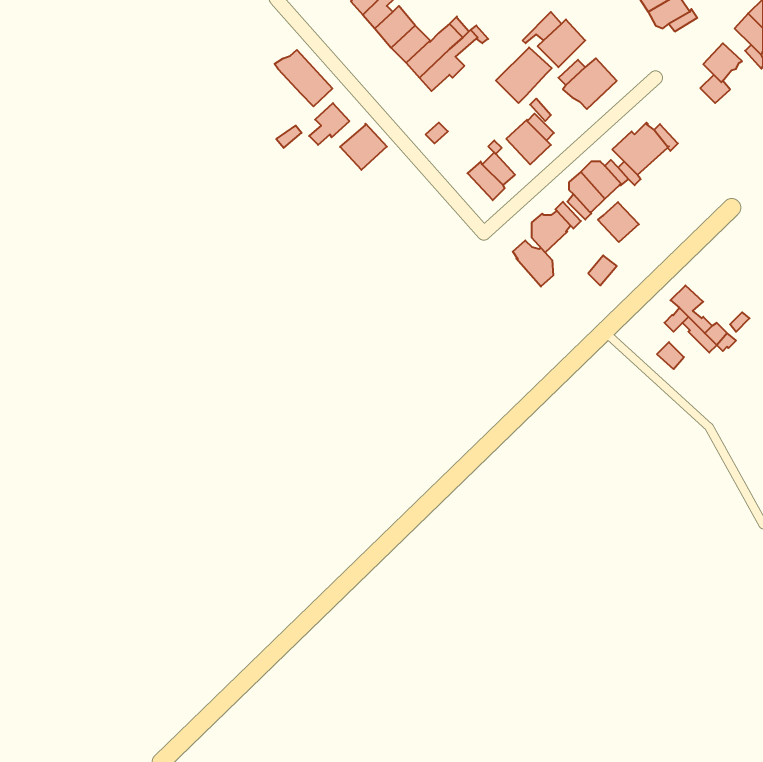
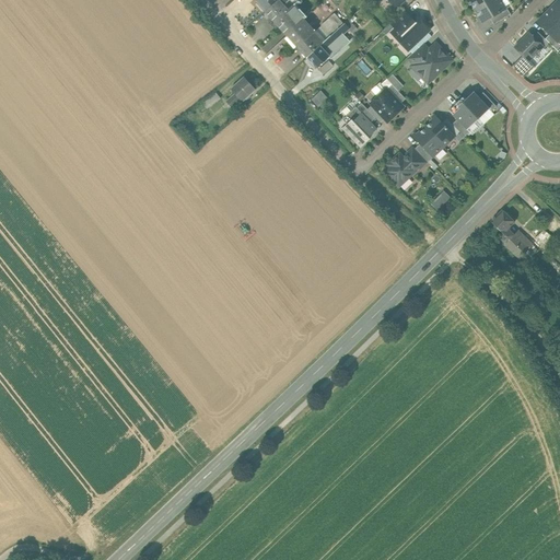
building: [496,47,552,103] -> none
building: [275,50,332,106] -> none
building: [340,124,387,170] -> none
building: [598,202,639,242] -> none
building: [513,240,553,287] -> none

